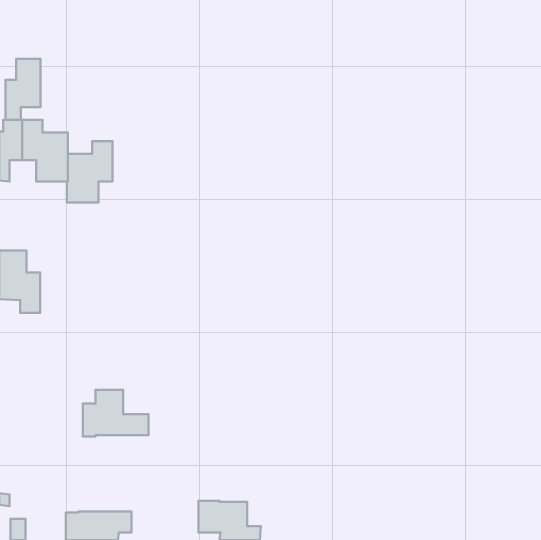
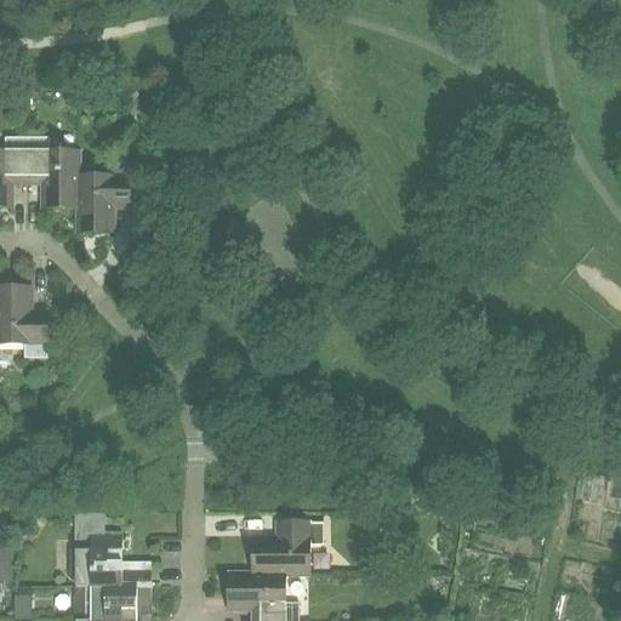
building: [5,59,40,120] -> none
building: [83,390,149,436] -> [75,532,150,586]
building: none -> [251,523,323,575]

